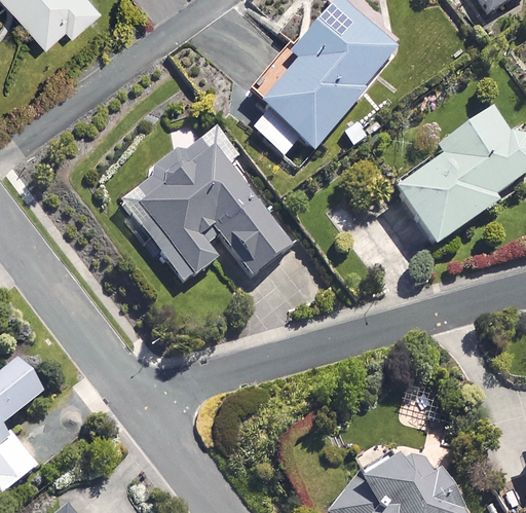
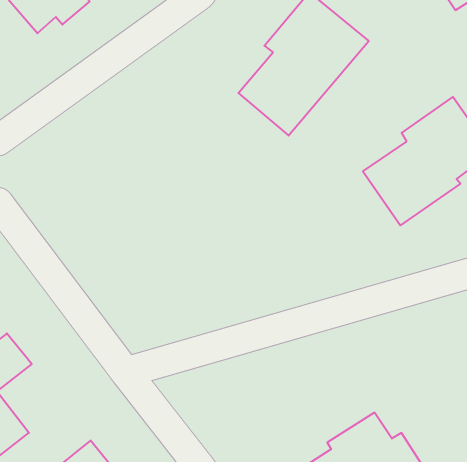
building: [121,135,293,282] -> none

